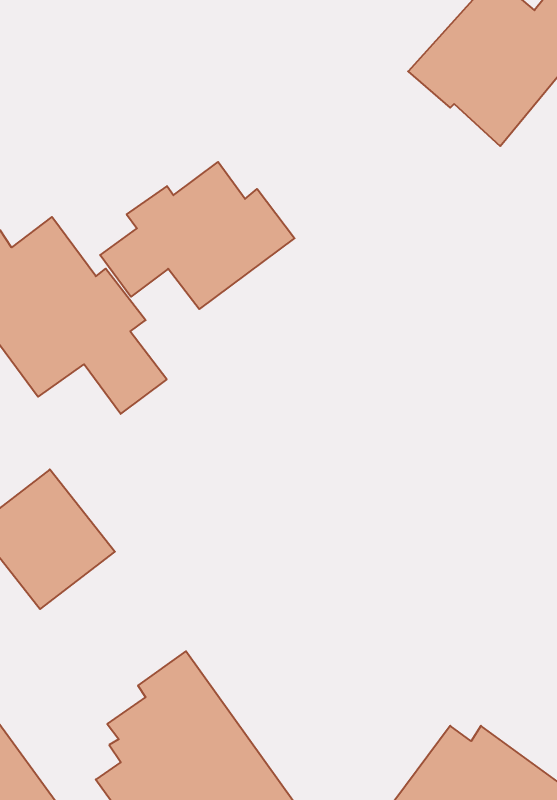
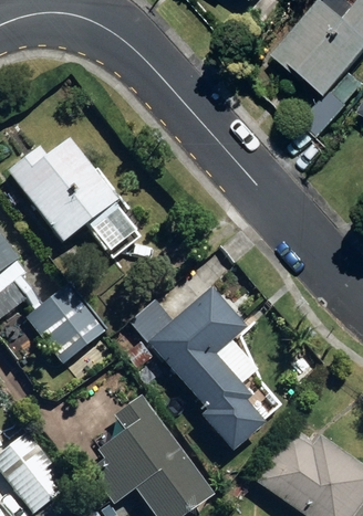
building: [100,162,295,309] -> none
building: none -> [147,285,265,451]

